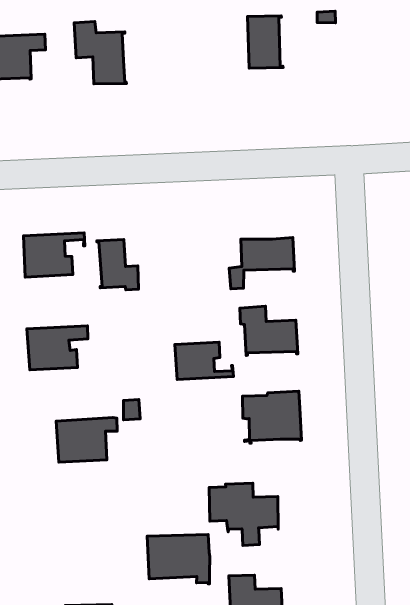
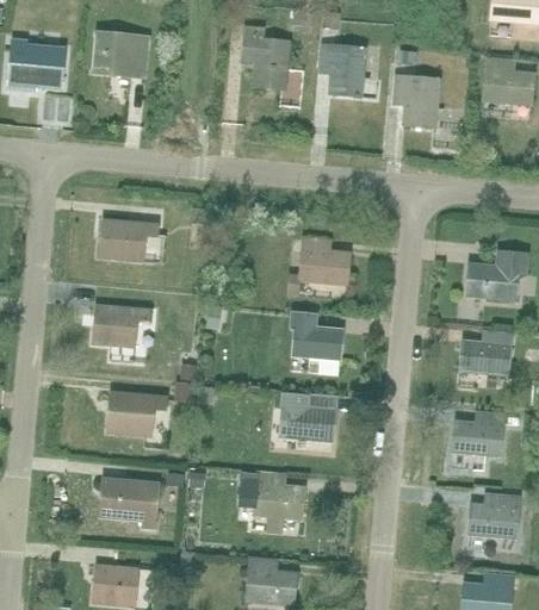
building: [74,22,126,84] -> [242,27,290,89]
building: none -> [404,76,439,126]
building: [97,239,138,290] -> none
building: [175,342,233,380] -> none
building: [147,535,210,584] -> [99,478,159,529]

